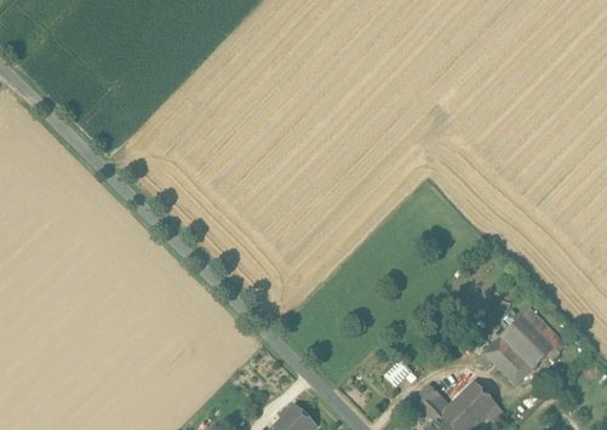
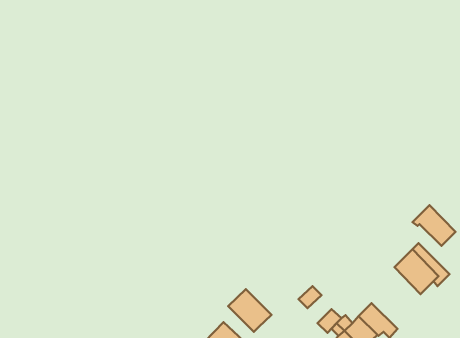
building: [479,337,531,386] -> [413,205,456,246]
building: none -> [228,289,271,332]

